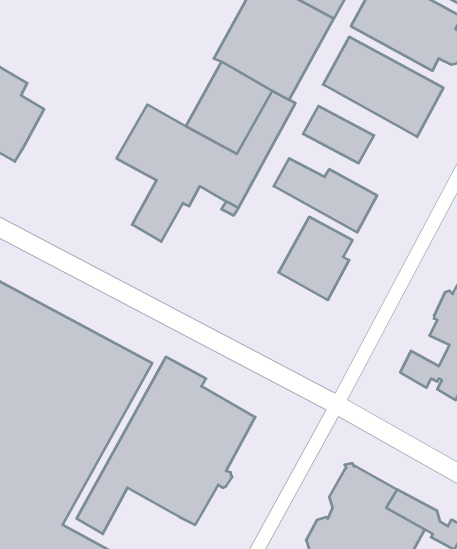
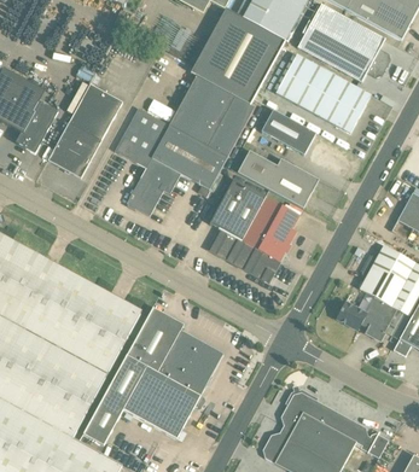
building: none -> [47,83,122,177]
building: none -> [206,177,279,281]

